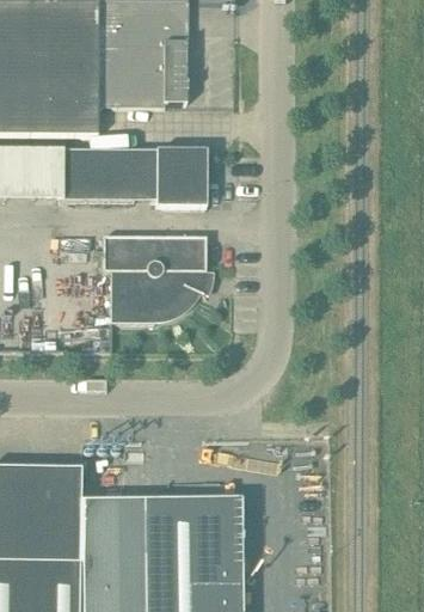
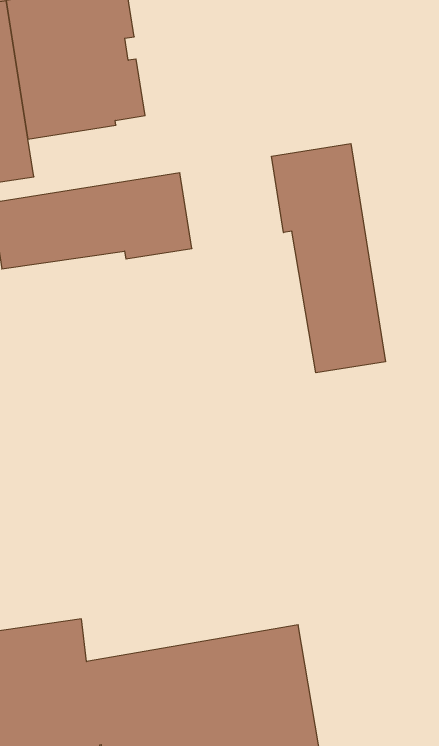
building: none -> [272,144,385,373]
building: [104,235,208,323] -> none

